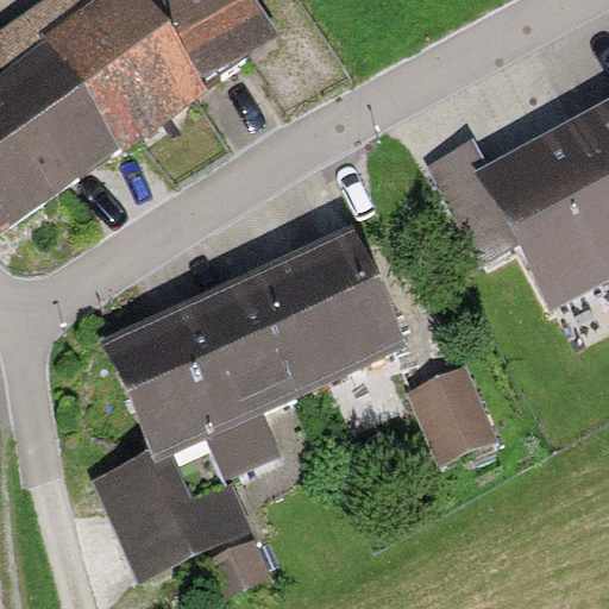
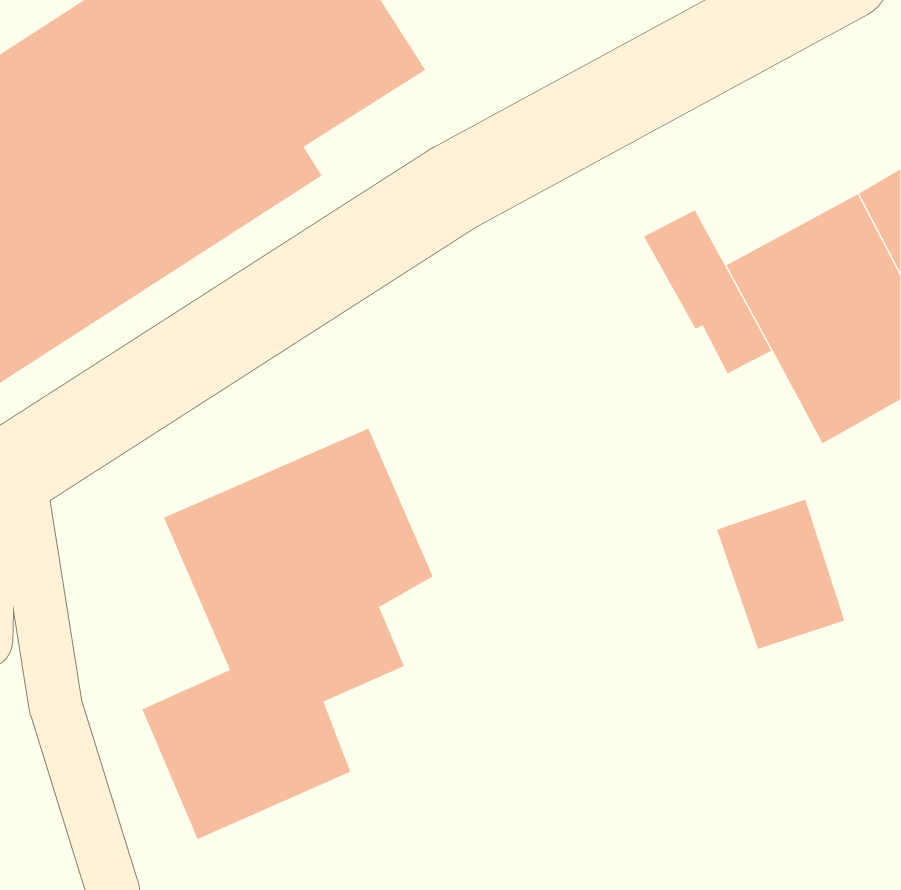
building: [245,238,393,383] -> none
building: [408,351,494,451] -> [716,499,845,649]

